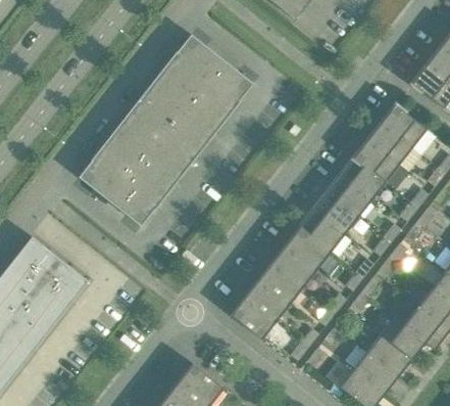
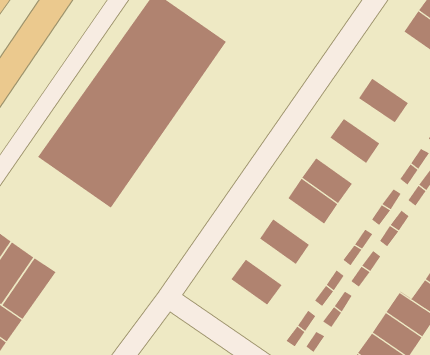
building: [380,105,427,148] -> none
building: [352,141,398,183] -> none
building: [326,175,370,218] -> none
building: [284,227,330,270] -> none
building: [257,262,302,305] -> none
building: [229,297,274,340] -> none

